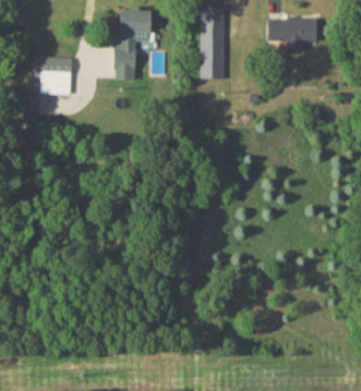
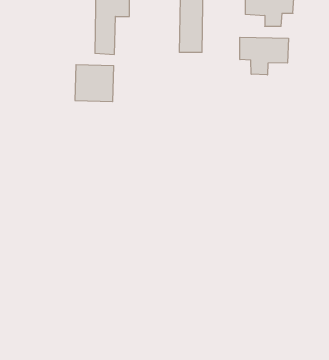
building: [33,57,72,94] -> [75,65,114,102]
building: none -> [240,37,288,75]

